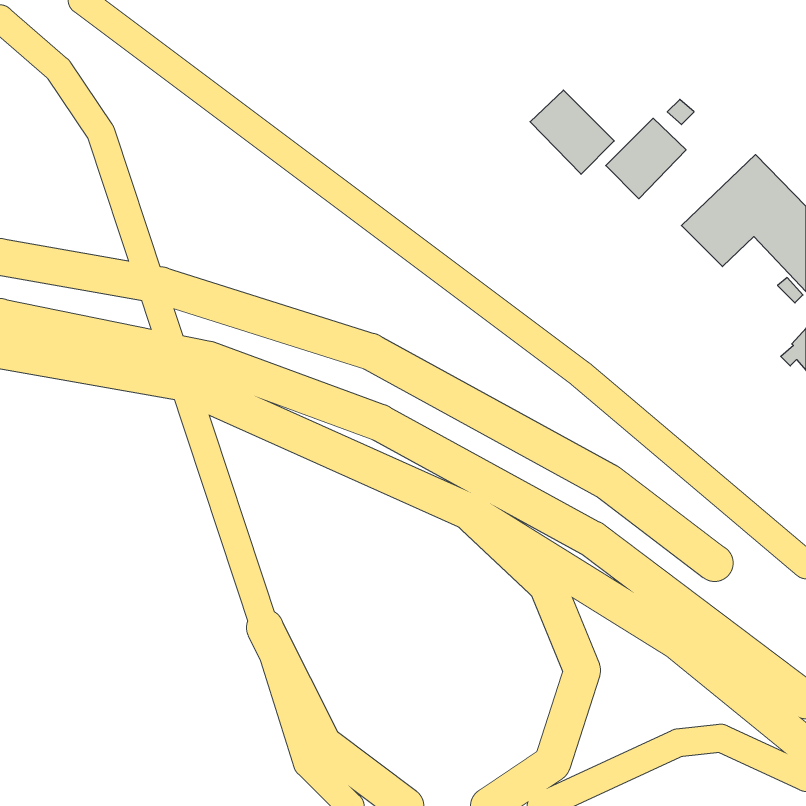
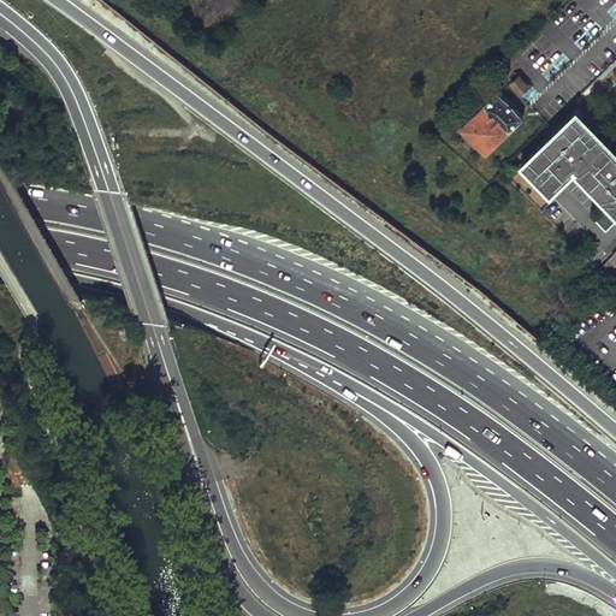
building: [530,90,614,174] -> none

